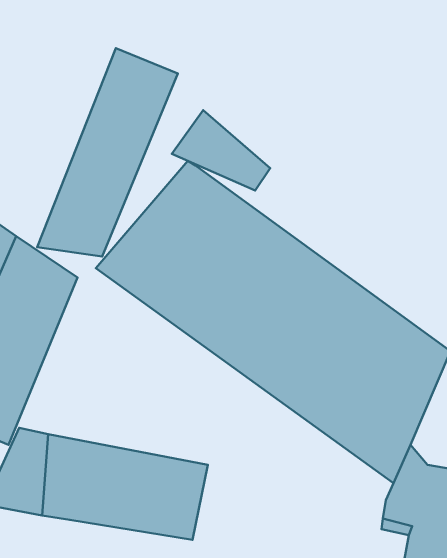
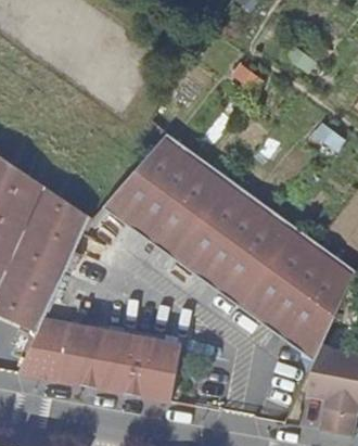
building: [37,48,178,257] -> none
building: [172,110,270,191] -> none

